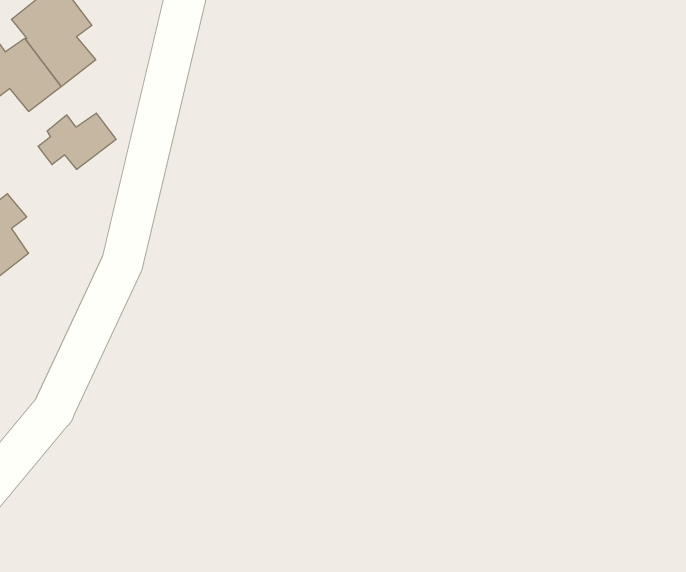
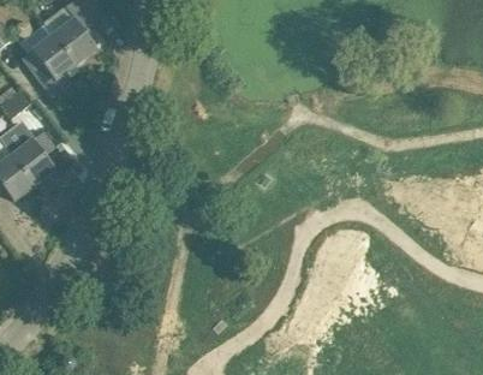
building: [38,113,116,169] -> none

